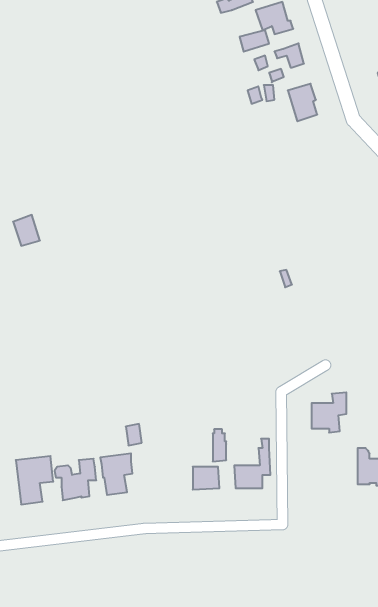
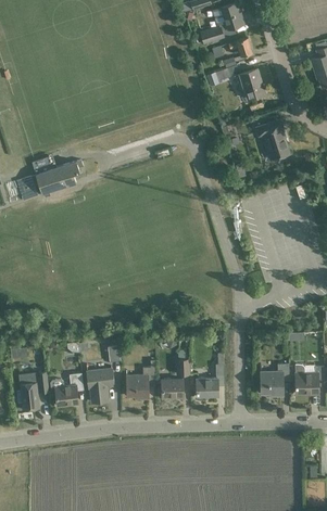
building: none -> [256,123,290,159]
building: none -> [36,162,79,197]
building: [312,392,346,433] -> [261,363,289,396]
building: none -> [126,360,155,399]

